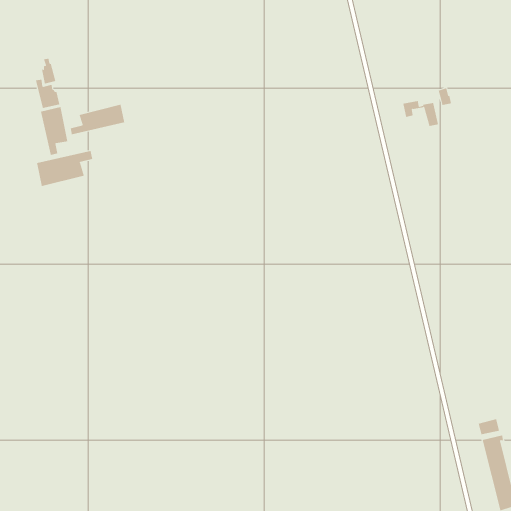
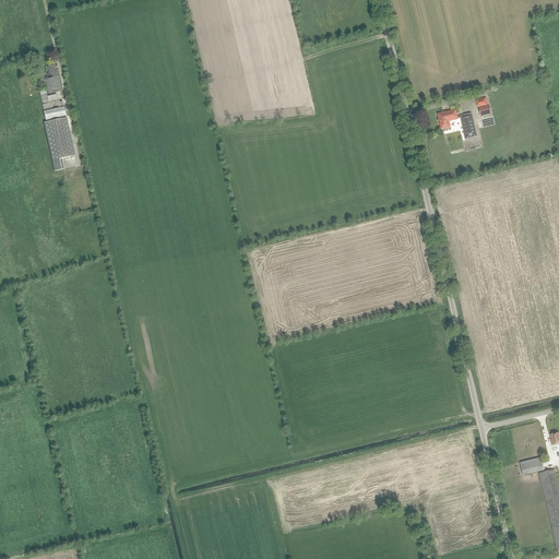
building: [70,104,125,135] -> none
building: [36,150,93,187] -> none

